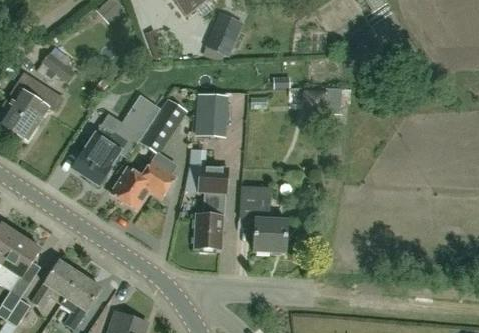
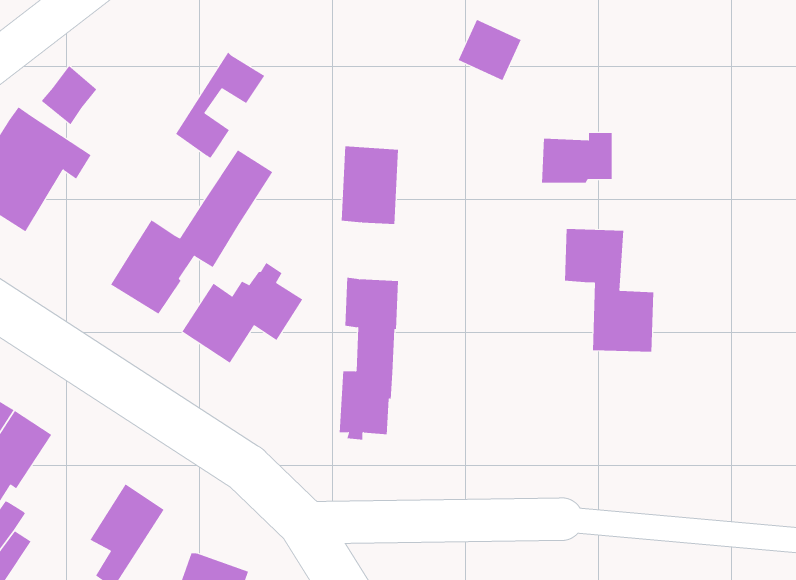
building: [205,23,239,56] -> [458,19,521,81]
building: [140,97,188,154] -> [175,51,265,158]
building: [239,185,287,251] -> [564,228,654,352]
building: [33,259,81,307] -> none

